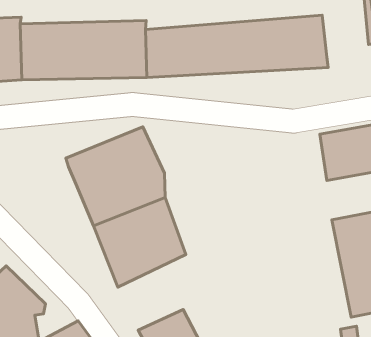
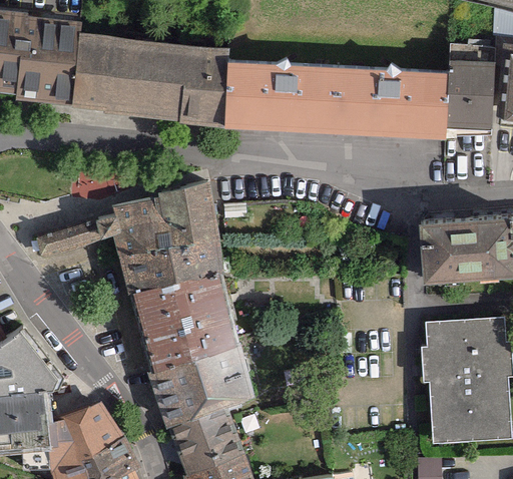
building: none -> [445,63,493,125]
building: none -> [38,217,117,263]
building: none -> [152,344,252,429]

